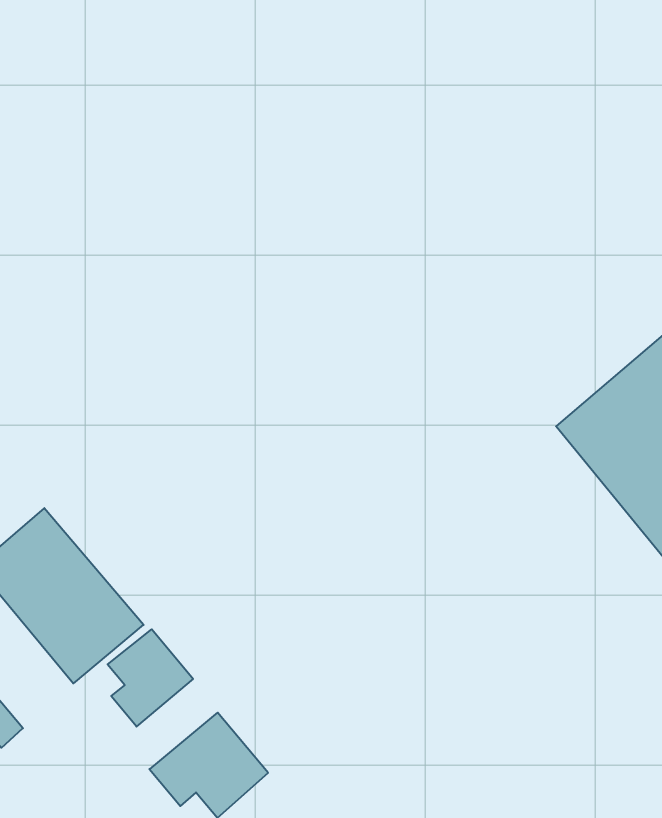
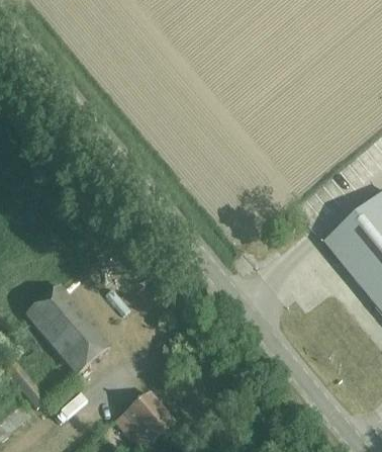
building: [108,629,193,727] -> none

